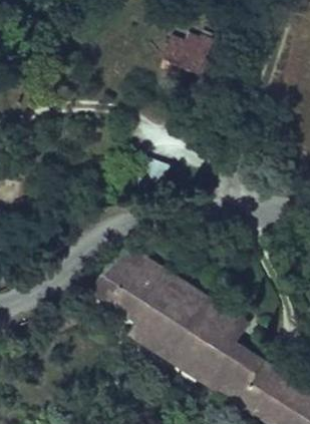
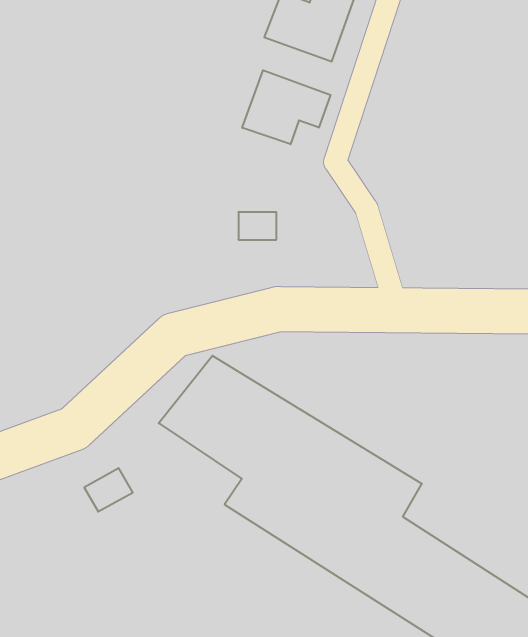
building: none -> [242,70,331,144]

